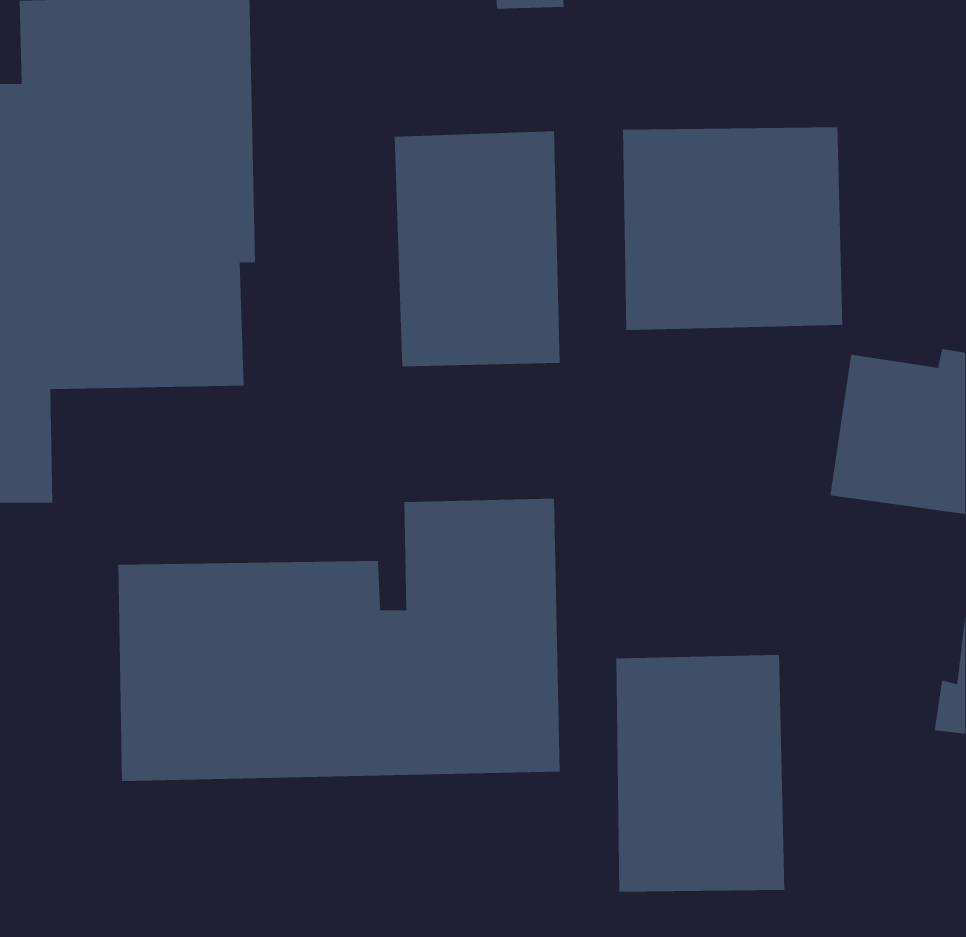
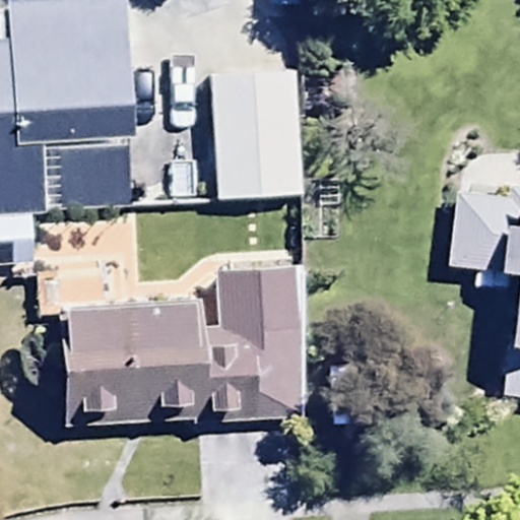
building: [622,126,843,331] -> none
building: [615,654,785,892] -> none

